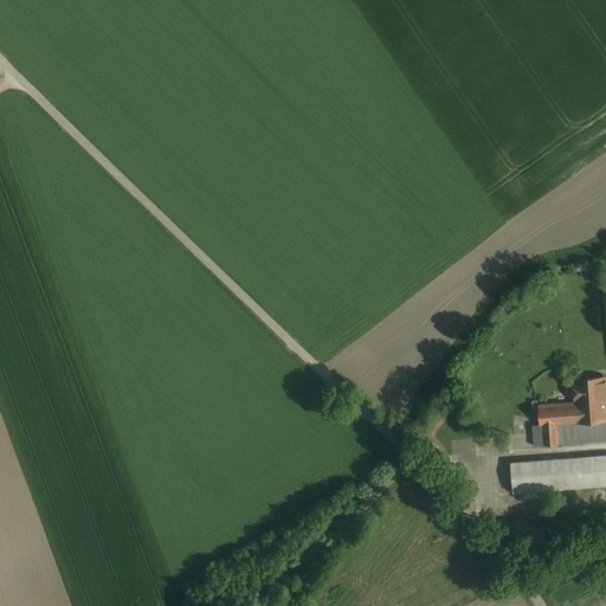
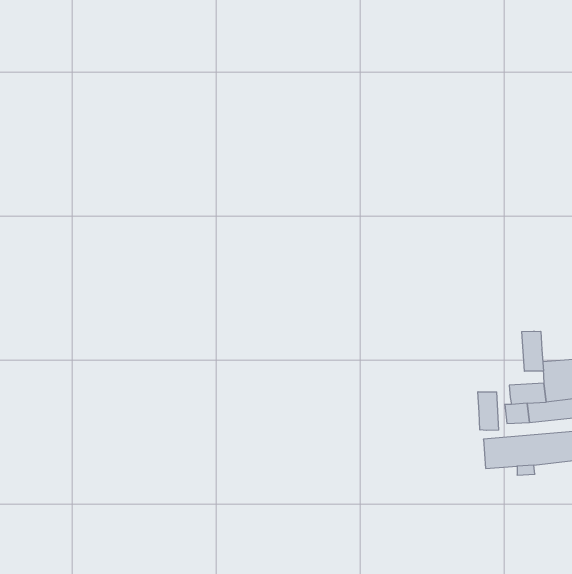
building: none -> [522,331,543,371]
building: none -> [478,392,499,430]

